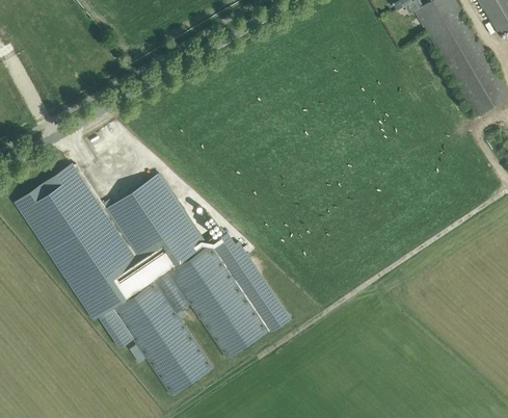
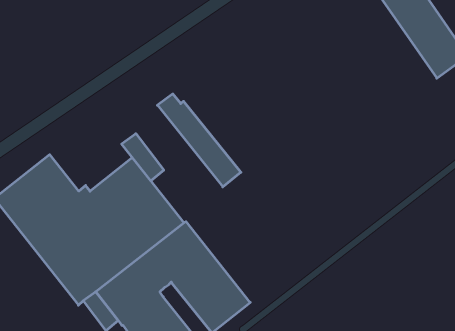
building: none -> [122,134,164,181]
building: [210,232,290,331] -> [157,94,241,187]

